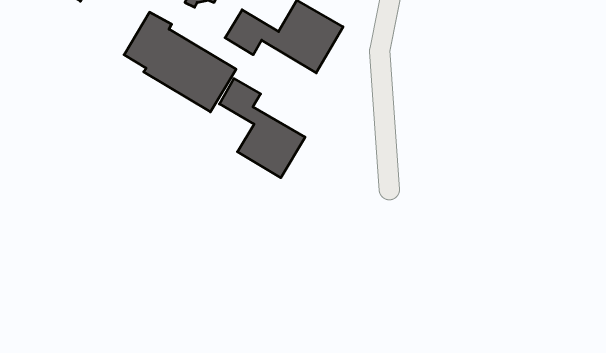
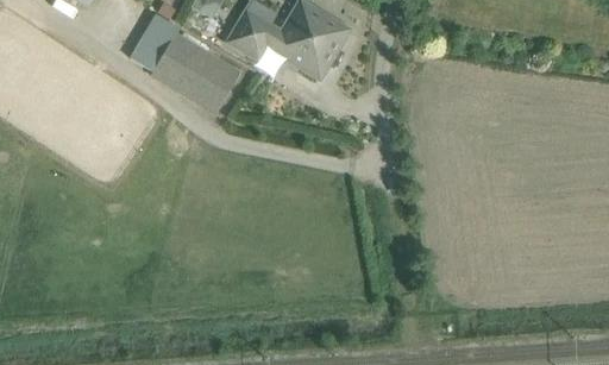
building: [219,79,305,178] -> none

